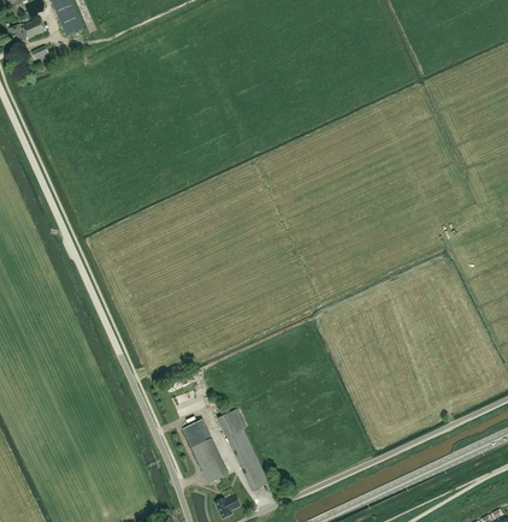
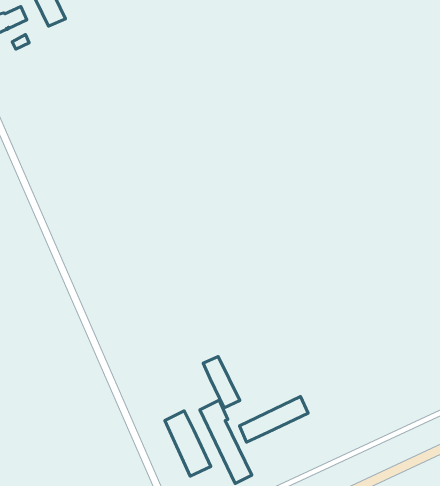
building: none -> [203,356,240,408]
building: none -> [239,397,308,442]

